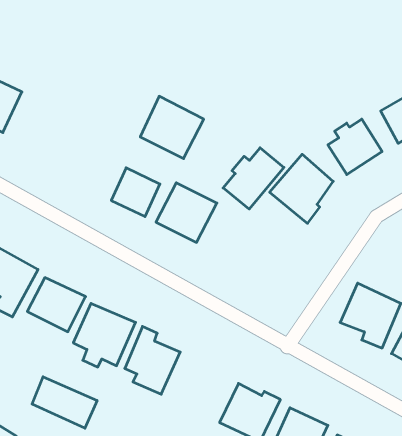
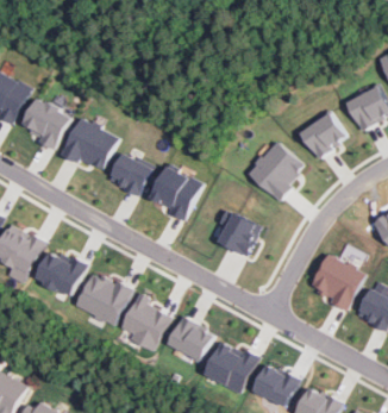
building: [140,96,204,159] -> [62,117,118,171]
building: none -> [23,98,70,149]
building: [223,148,284,209] -> none
building: none -> [218,213,259,256]
building: none -> [167,317,213,361]
building: [32,377,97,428] -> none

